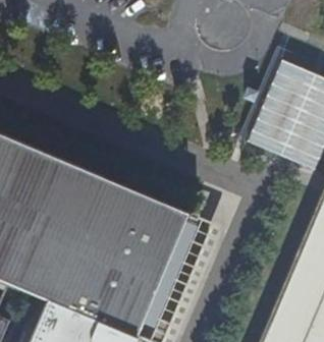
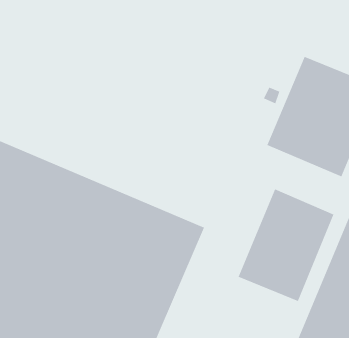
building: none -> [238,189,334,302]

